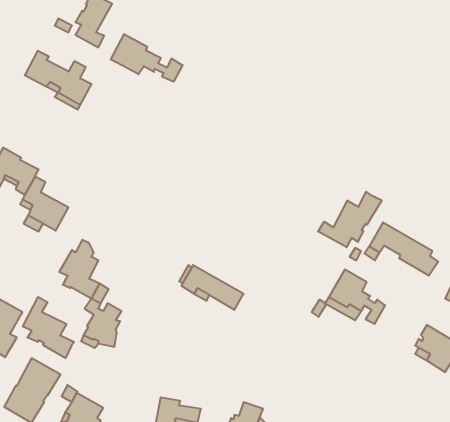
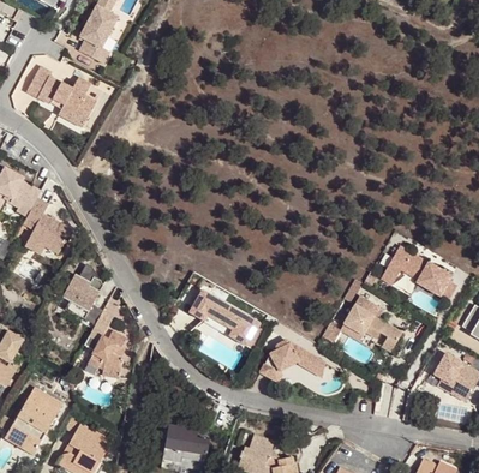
building: [111,34,183,82] -> none
building: [318,192,382,247] -> none
building: [23,297,74,358] -> none
building: none -> [261,340,327,381]

